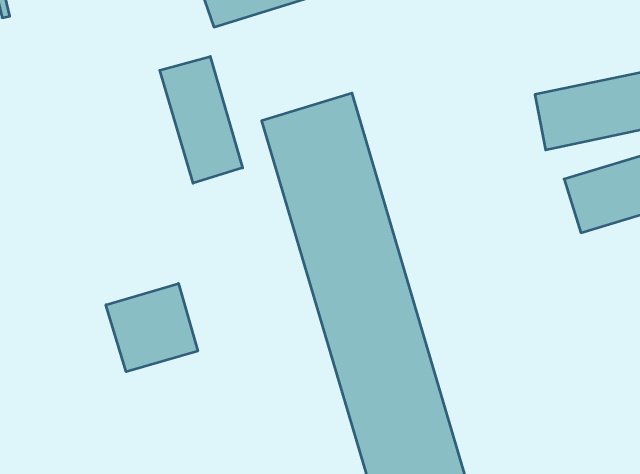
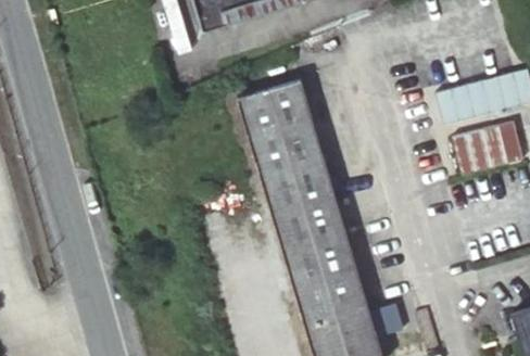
building: [160,56,243,183] -> none
building: [106,283,198,372] -> none

